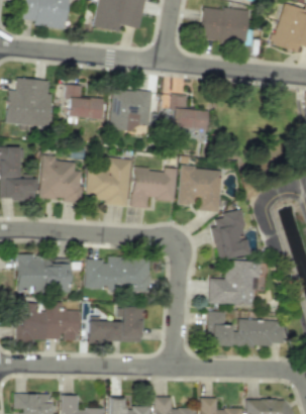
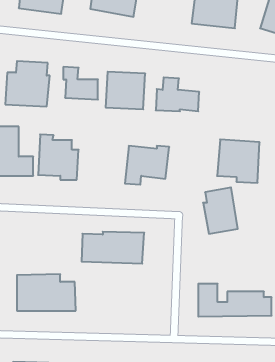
building: [87,158,130,205] -> none
building: [178,166,222,211] -> [217,139,260,183]
building: [17,253,71,292] -> none
building: [210,260,259,304] -> none
building: [89,306,143,342] -> none

